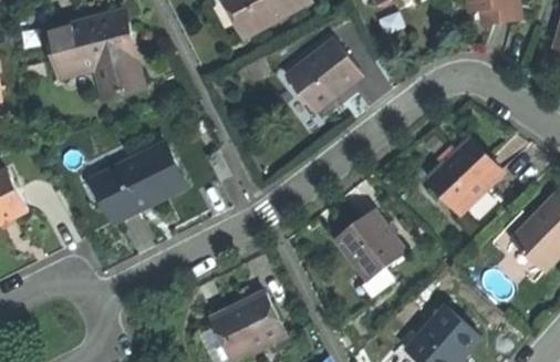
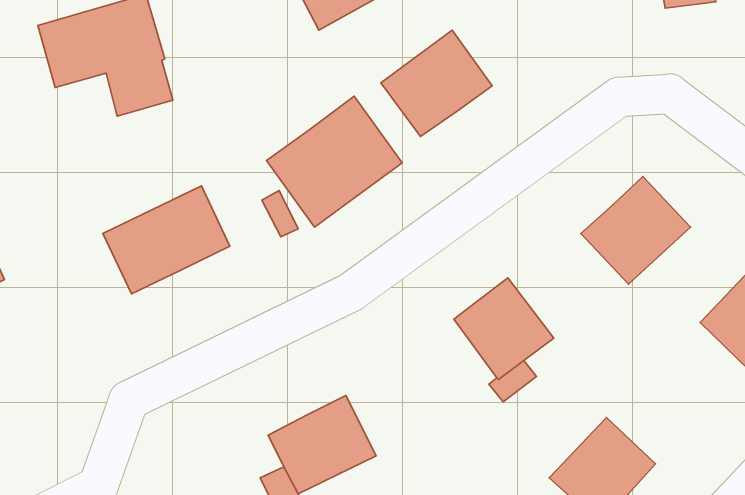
building: none -> [266,96,402,227]

